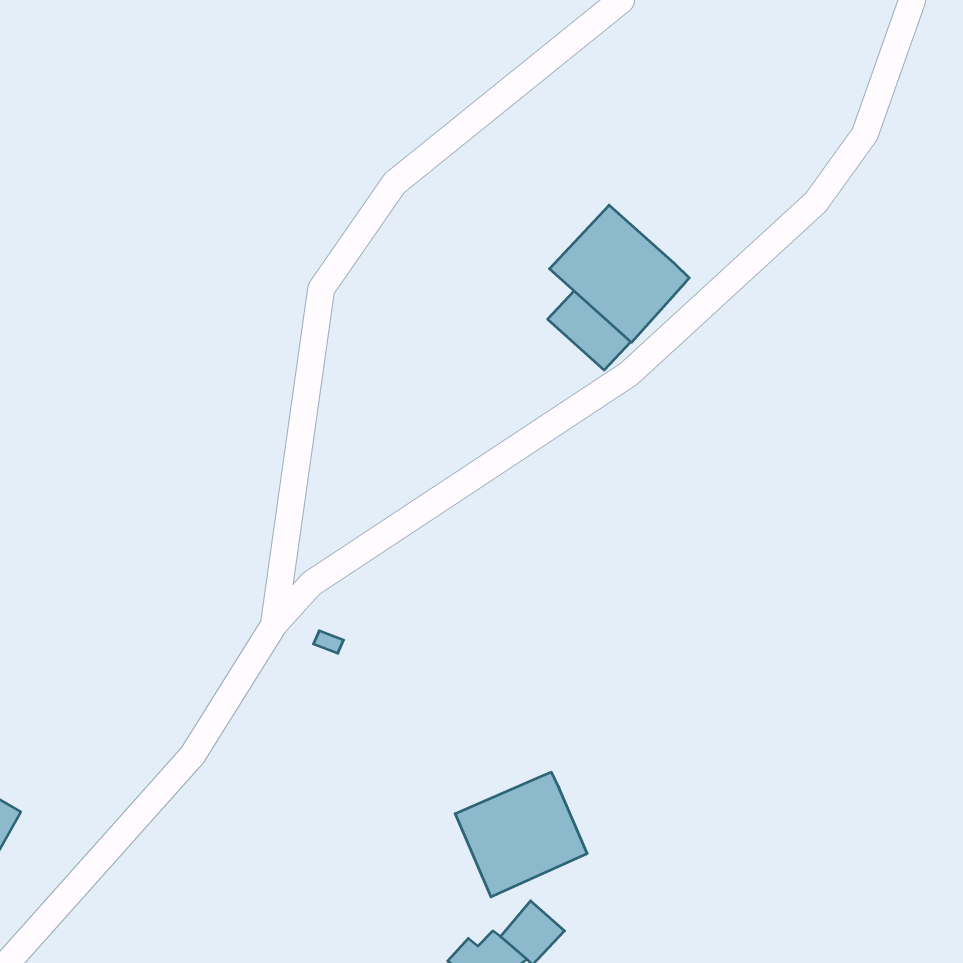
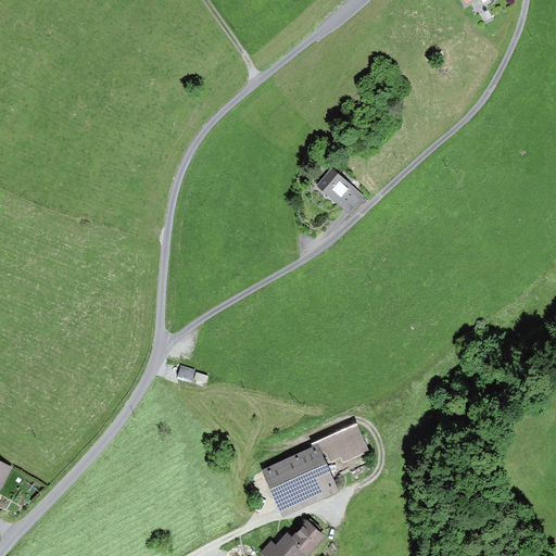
building: [549,205,689,342] -> none
building: none -> [309,422,368,463]

